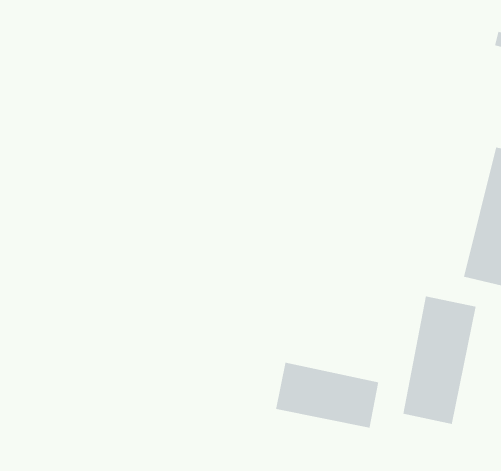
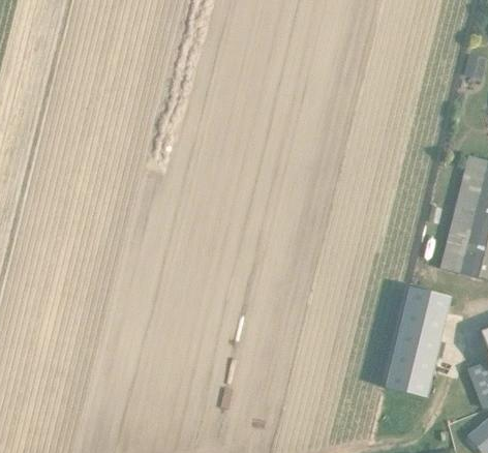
building: [276,362,379,429] -> none

